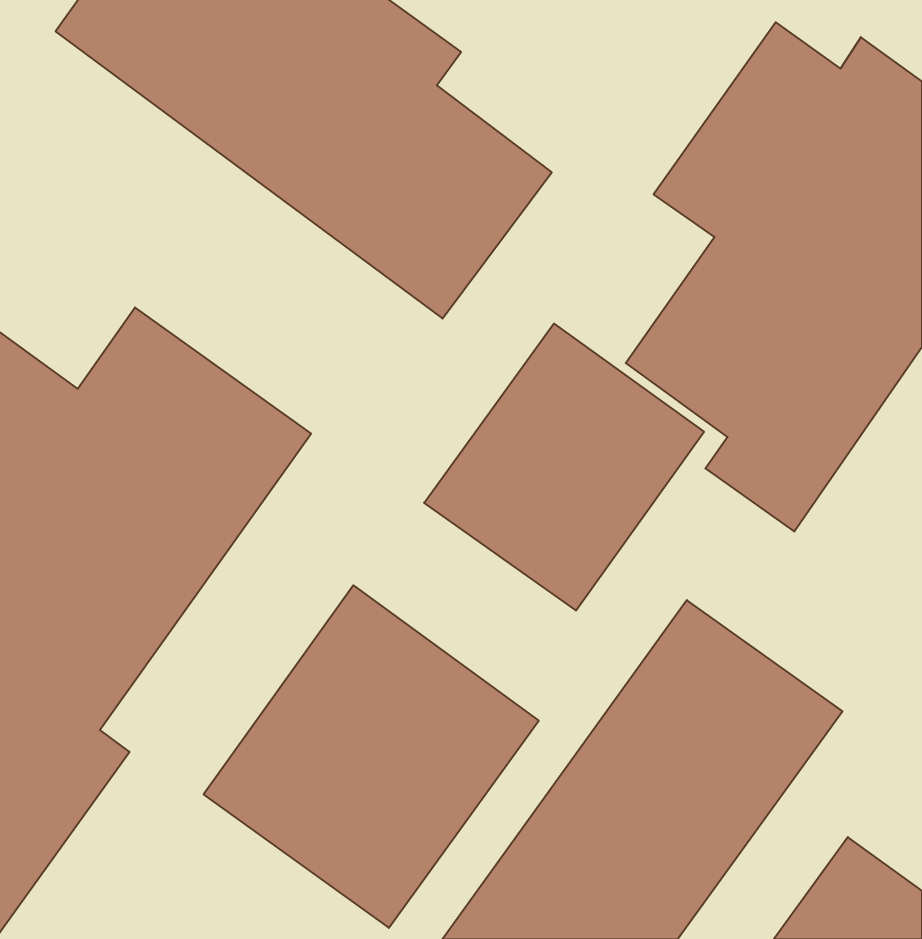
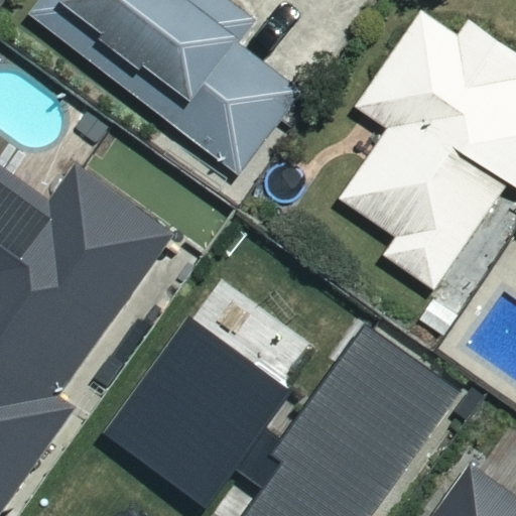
building: [424,324,704,611] -> none

